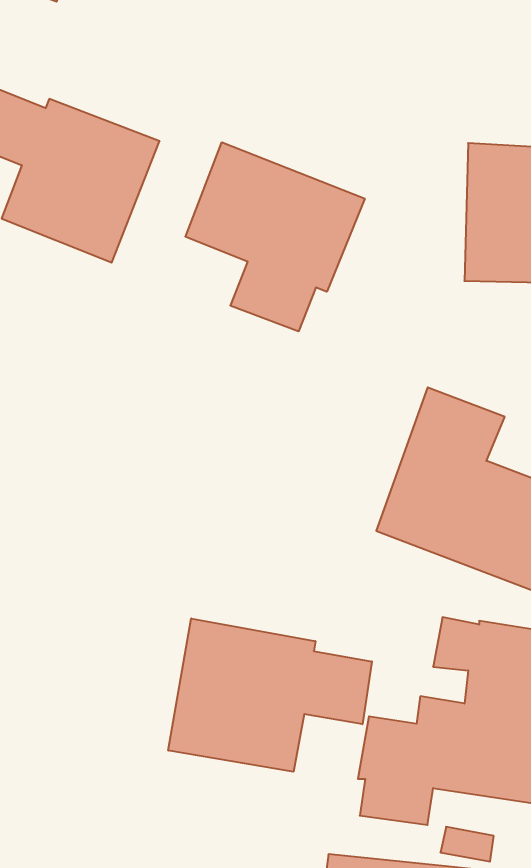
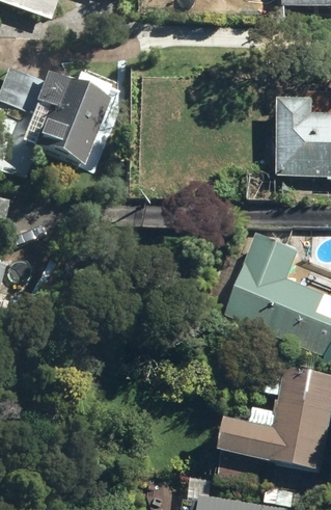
building: [185,142,365,331] -> none
building: [168,618,372,772] -> none

